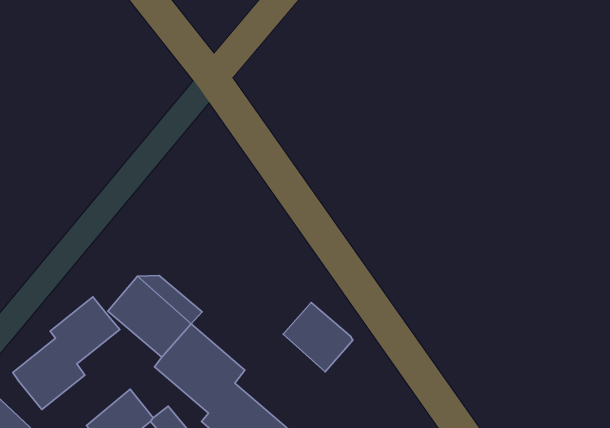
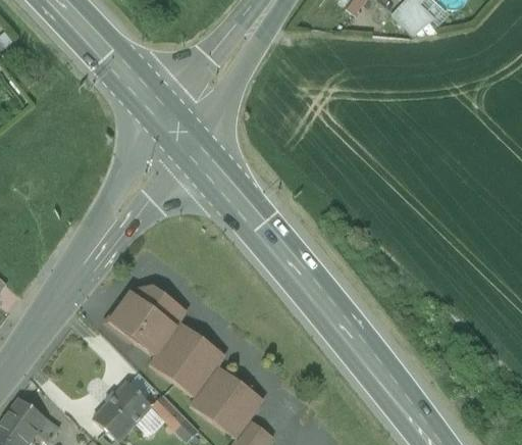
building: [13,297,120,409] -> none
building: [283,303,353,372] -> none

